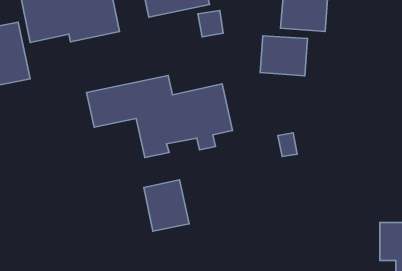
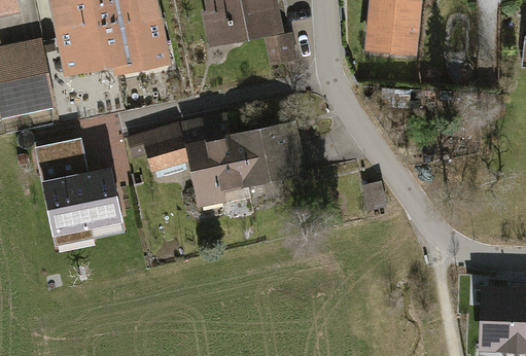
building: [260,36,307,76] -> none
building: none -> [33,137,122,246]
building: [144,180,189,231] -> none

